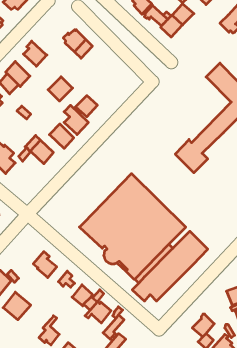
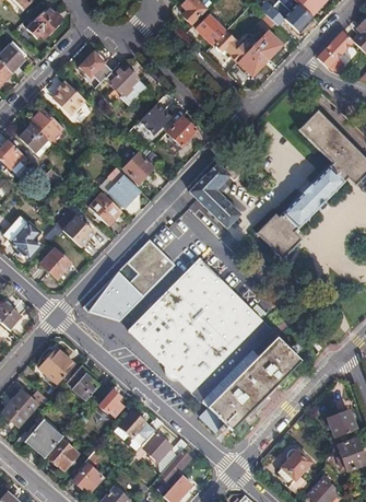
building: none -> [79,51,113,85]
building: none -> [166,115,197,145]
building: [48,77,73,101] -> [138,103,170,136]
building: none -> [188,159,245,229]
building: none -> [83,240,174,320]
building: none -> [40,249,69,279]
building: none -> [39,348,72,382]
building: none -> [47,440,76,469]

